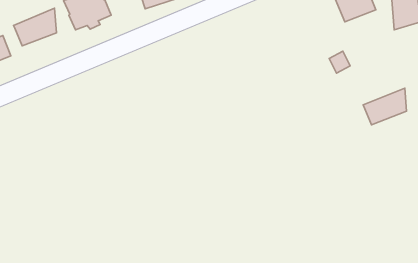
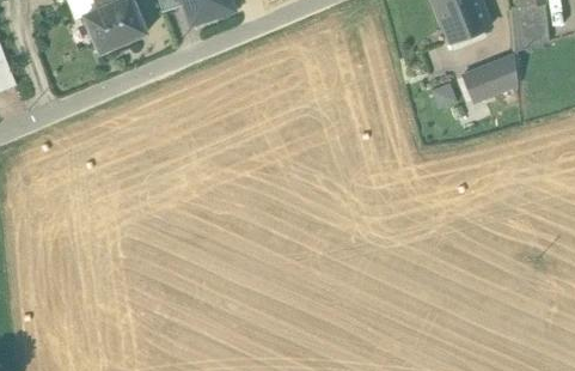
building: [13,8,56,46] -> none
building: [363,88,407,125] -> [460,54,516,102]

